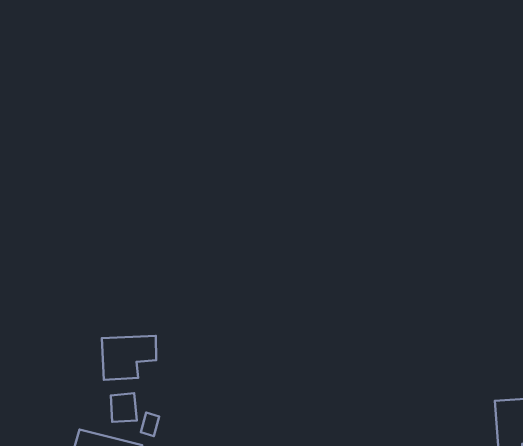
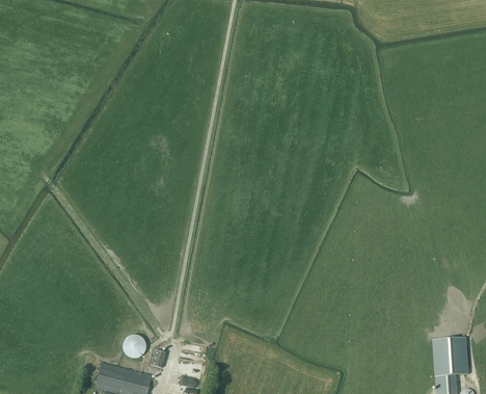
building: [102,336,156,380] -> none

